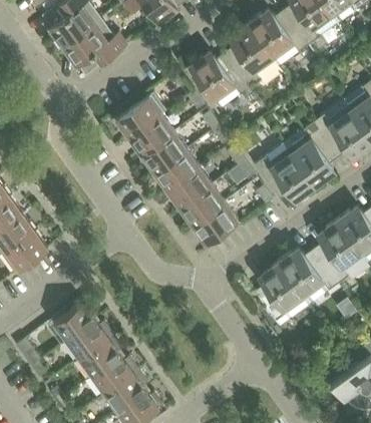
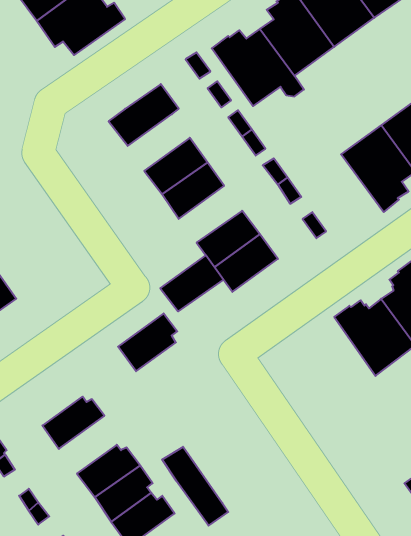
building: [128,114,173,155] -> none
building: [254,143,315,199] -> none
building: [165,166,212,207] -> [160,255,224,311]
building: [254,262,309,326] -> none
building: [53,299,96,341] -> [118,313,177,371]
building: [78,334,121,376] -> none
building: none -> [162,447,228,526]

